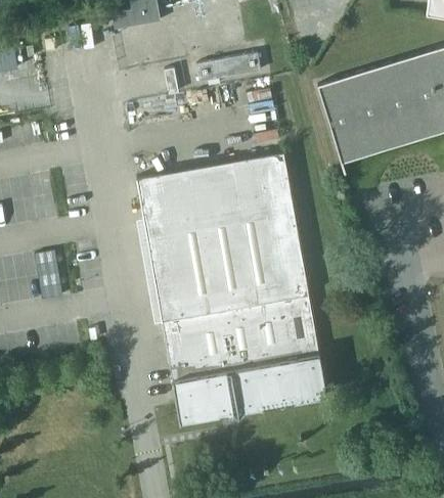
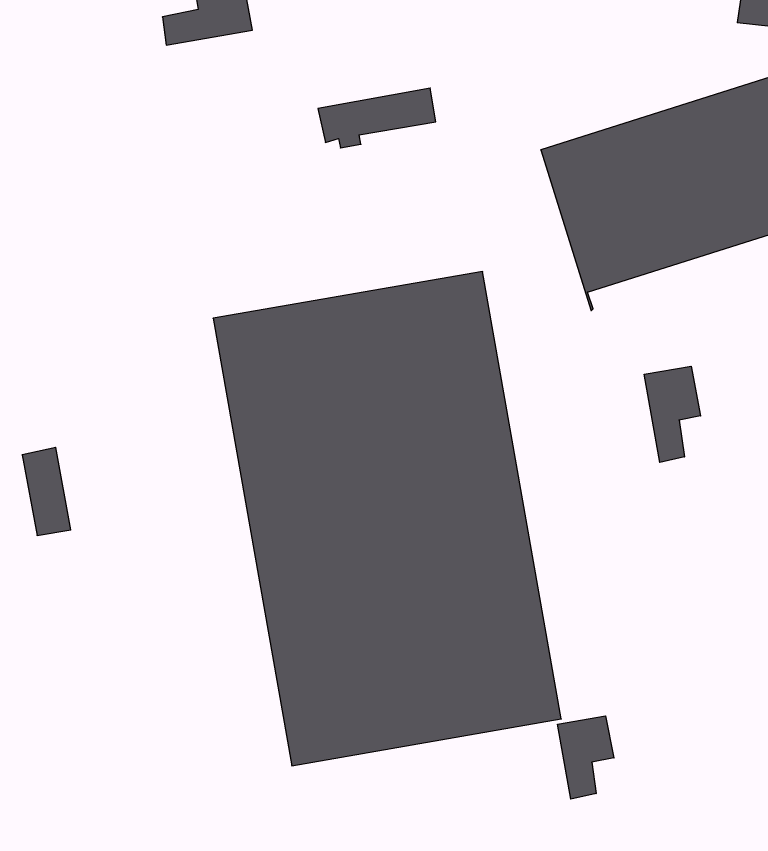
building: none -> [644,366,701,462]
building: none -> [558,716,614,799]

